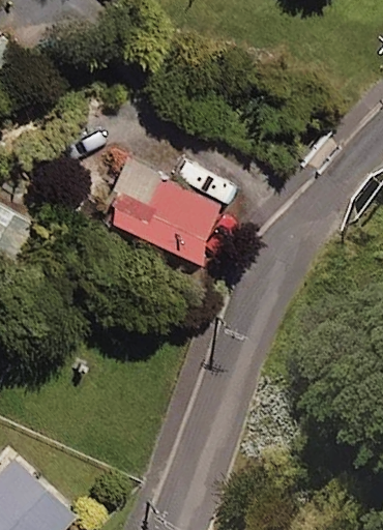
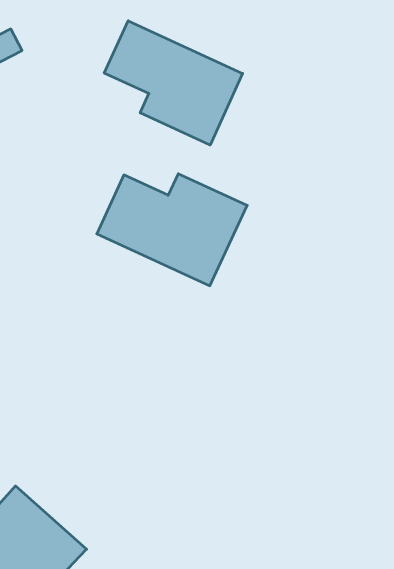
building: none -> [104,21,243,145]

